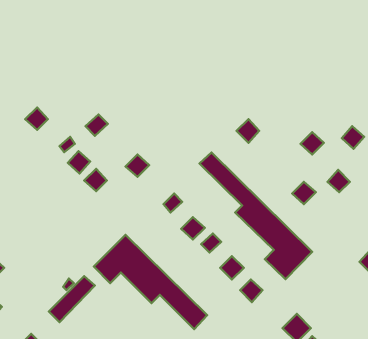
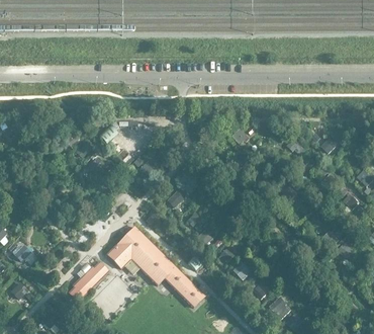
building: [199,153,312,279] -> none

